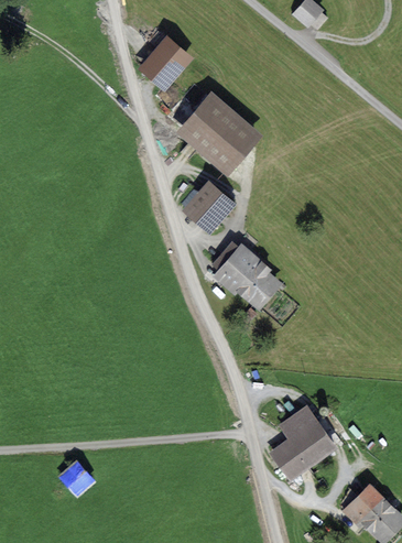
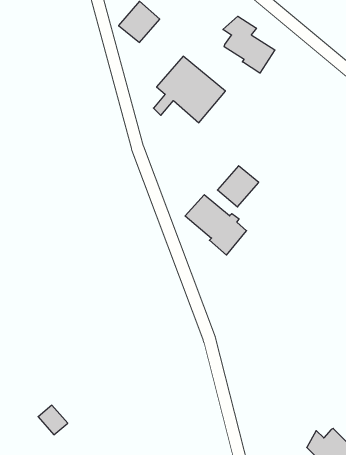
building: none -> [223,16,275,73]
building: [189,186,232,229] -> [217,166,259,207]
building: [274,409,335,477] -> none

